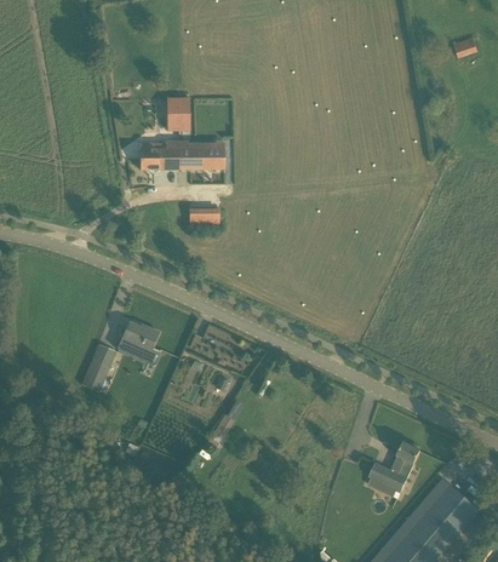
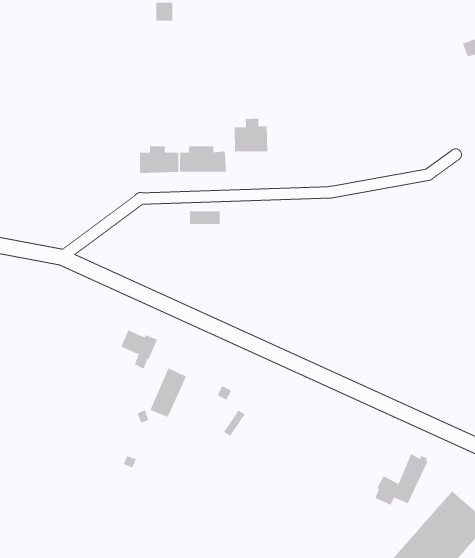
building: [165,98,188,131] -> none
building: none -> [234,117,268,152]
building: [81,343,118,391] -> [149,368,187,418]

